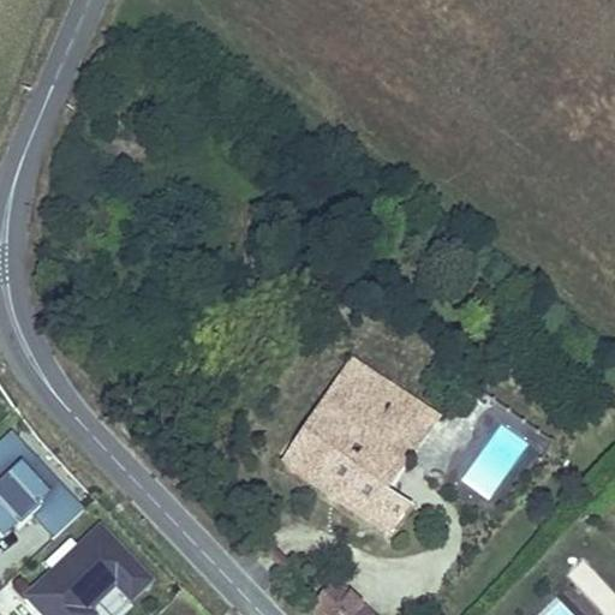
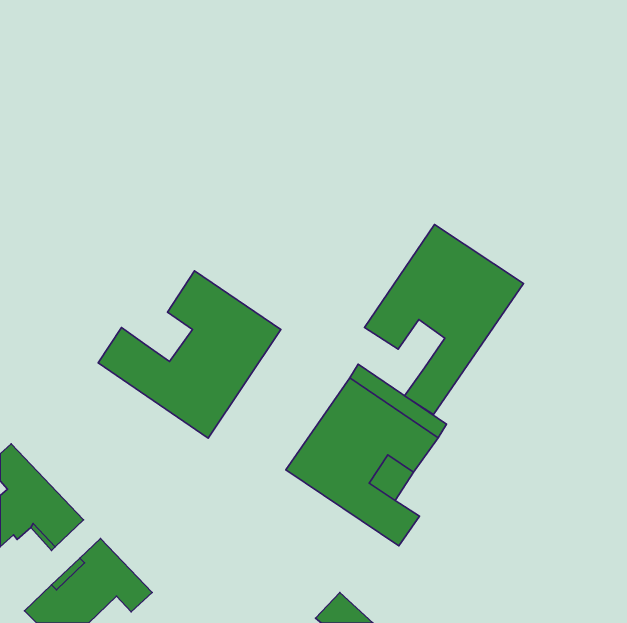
building: none -> [364,224,523,414]
building: none -> [98,271,281,438]

